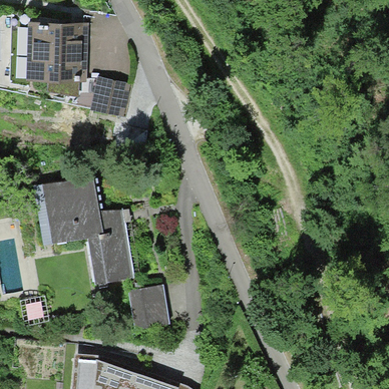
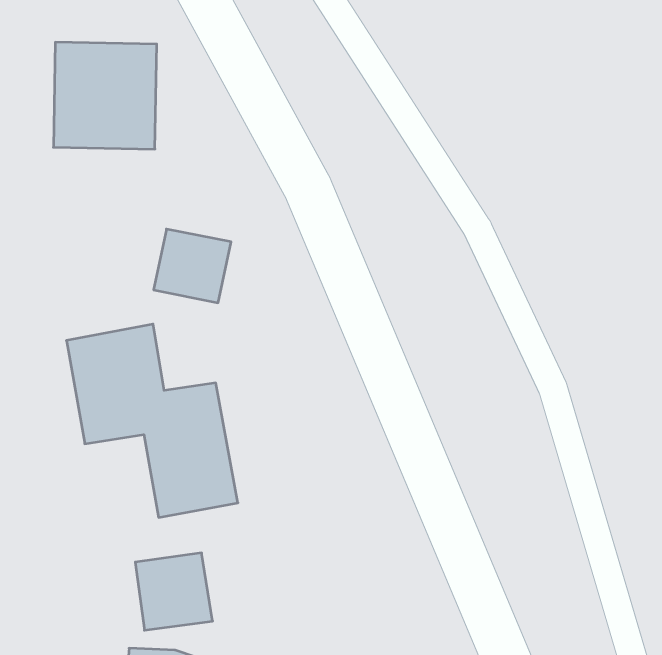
building: [91,80,133,120] -> [154,229,231,303]
building: [125,286,167,328] -> [135,553,213,630]

